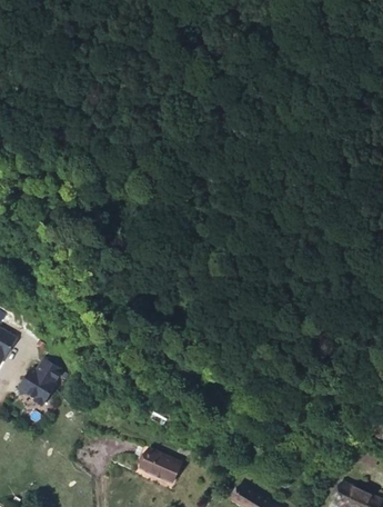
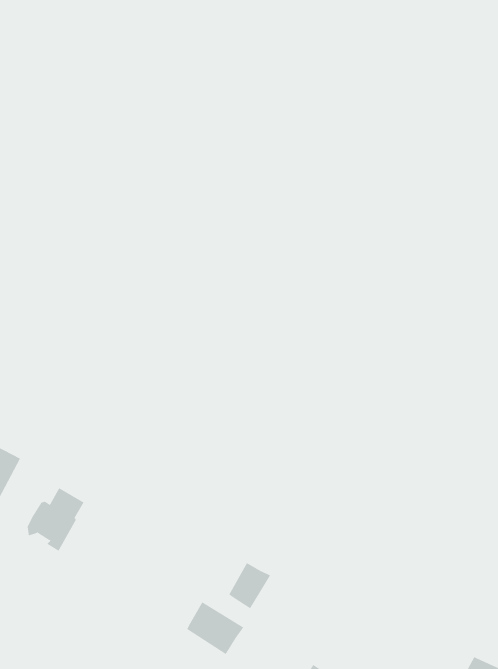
building: none -> [229,562,271,609]

